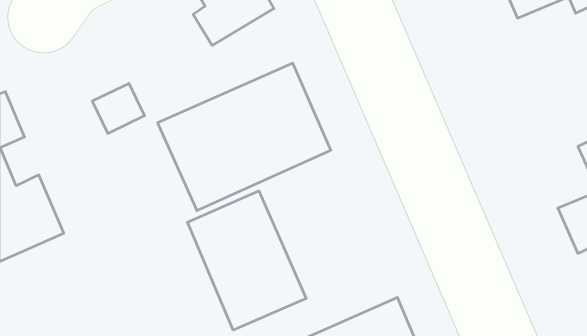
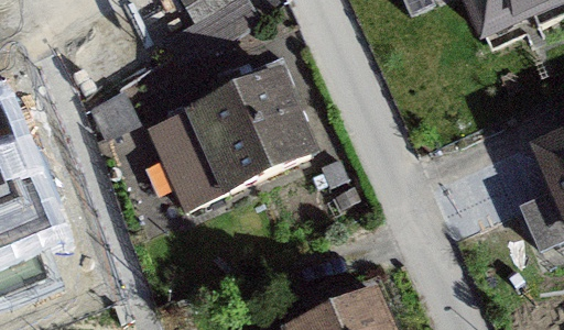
building: [187,191,306,330] -> none

